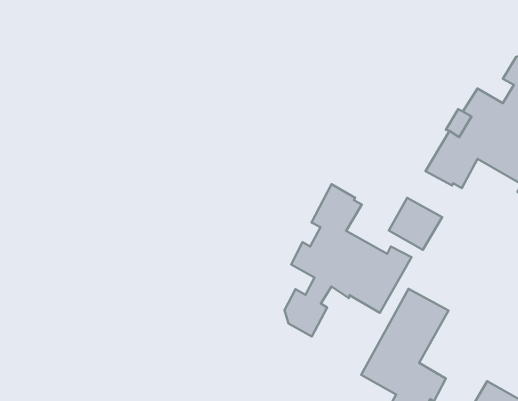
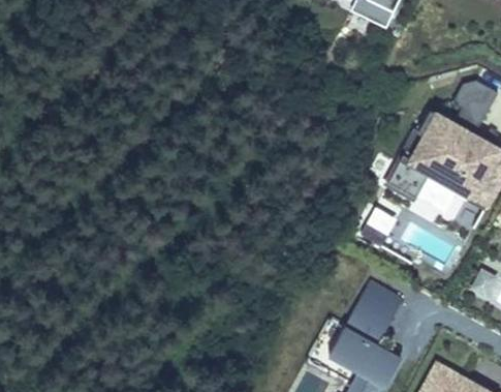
building: none -> [413,183,453,225]
building: [285,184,411,336] -> none

